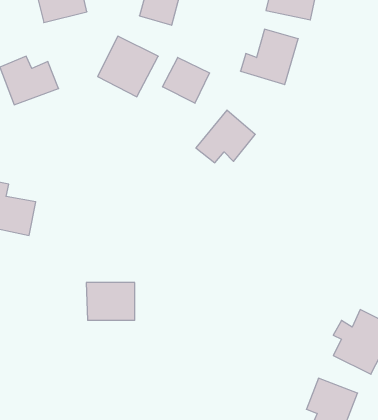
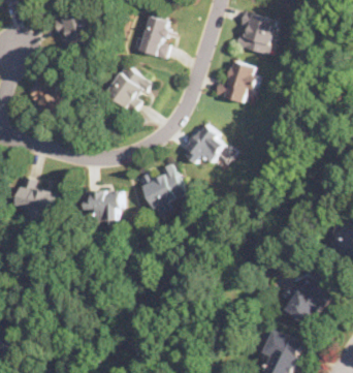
building: [163,57,209,103] -> none
building: none -> [137,163,182,216]
building: [86,283,135,320] -> [82,190,119,219]

